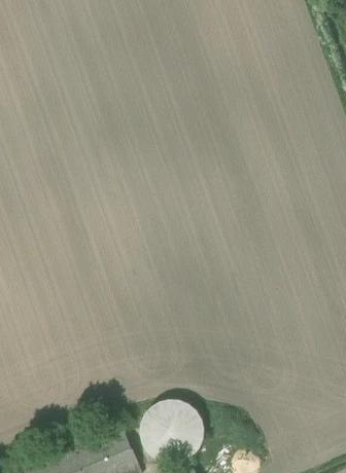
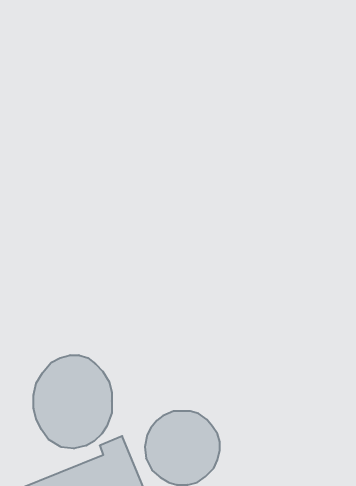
building: none -> [34,355,112,449]

